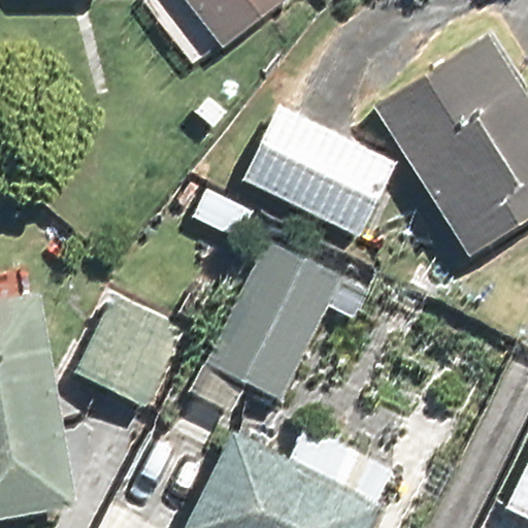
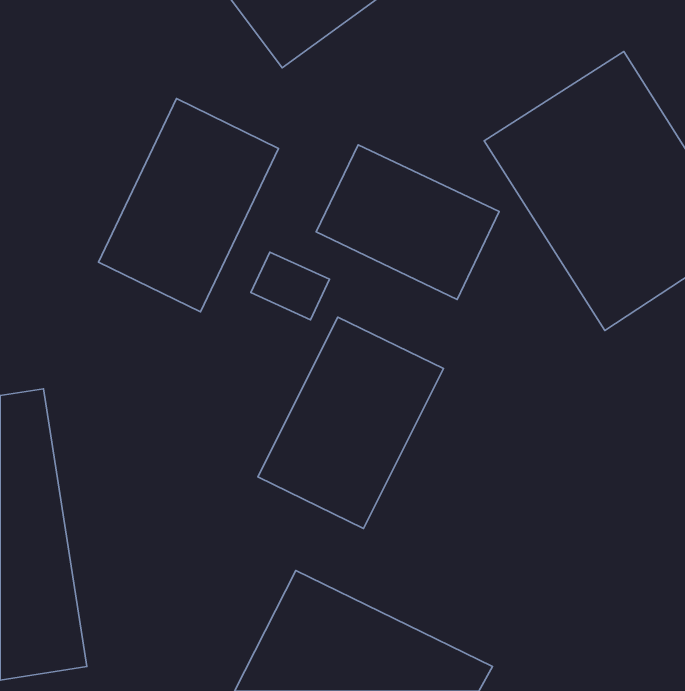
building: none -> [99,98,279,312]
building: [77,296,187,408] -> none

